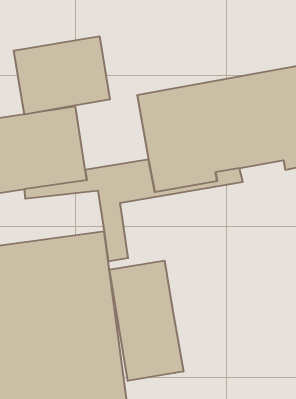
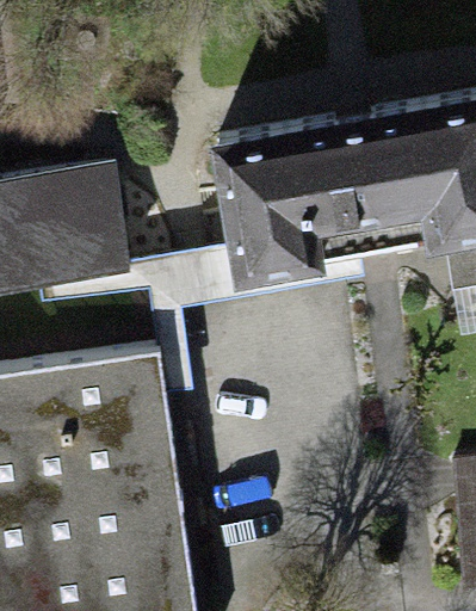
building: [14,36,110,114] -> none
building: [109,261,183,381] -> none

